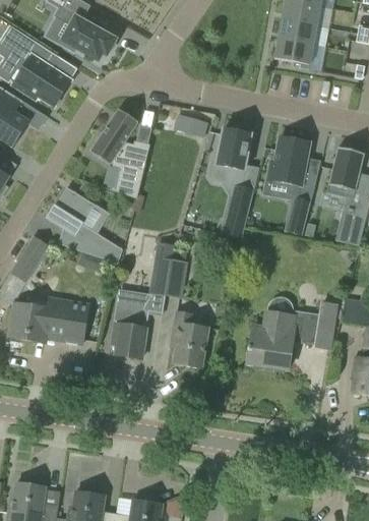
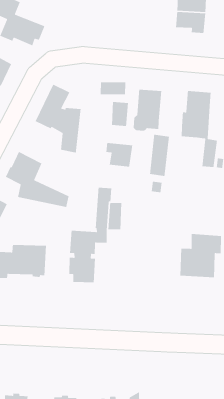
building: none -> [111,101,129,127]
building: none -> [105,142,133,167]
building: [170,312,207,368] -> none

